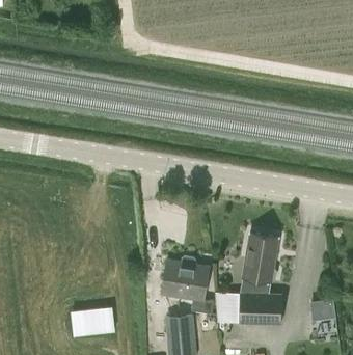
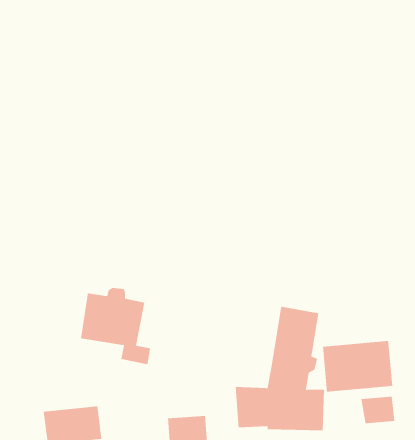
building: [161,256,214,315] -> [80,287,151,365]
building: none -> [323,340,393,393]

